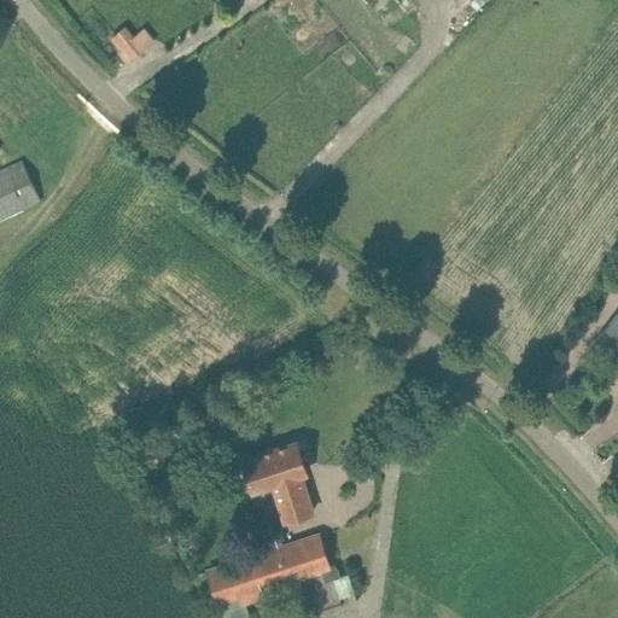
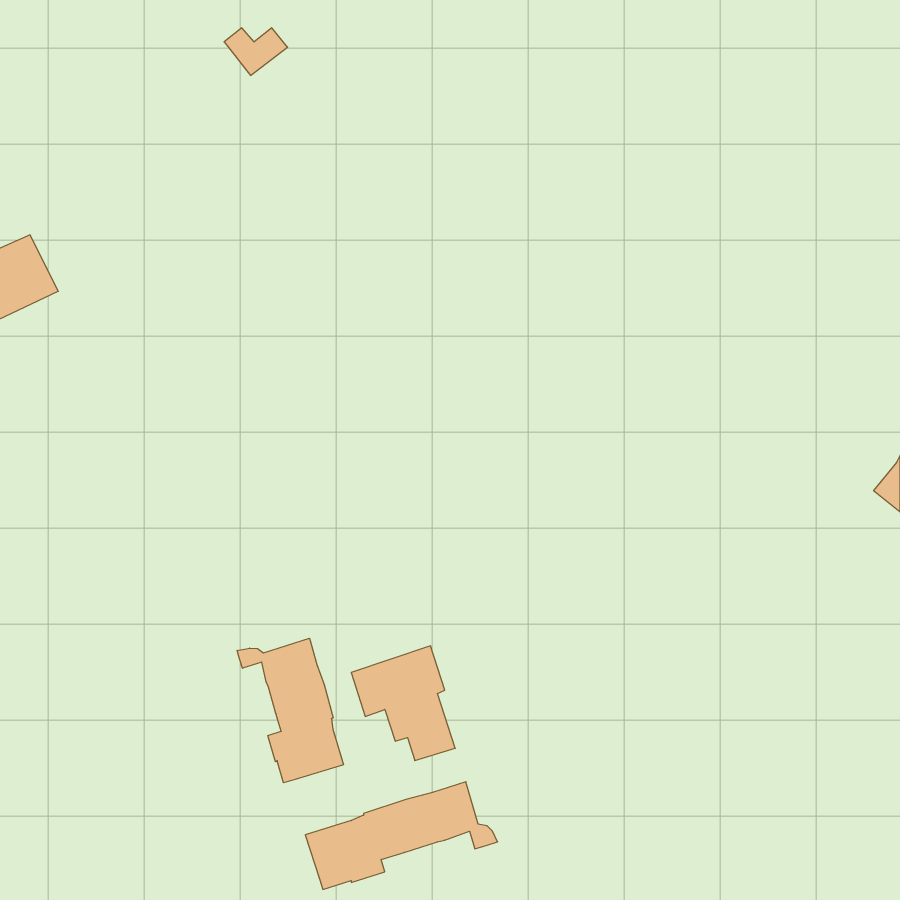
building: [110,29,153,62] -> [224,28,288,75]
building: none -> [237,638,344,783]

